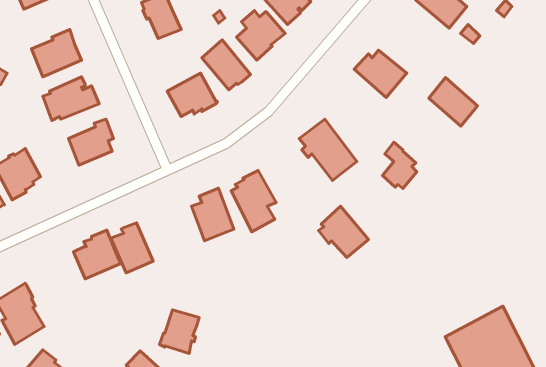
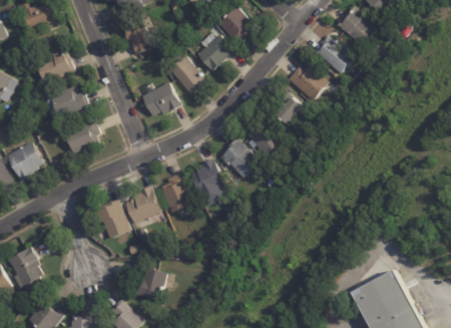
building: [429,78,478,126] -> [314,36,352,74]
building: [382,142,417,188] -> [276,91,303,127]
building: [319,206,369,258] -> [218,138,258,179]
building: [73,230,121,279] -> [123,186,160,224]

